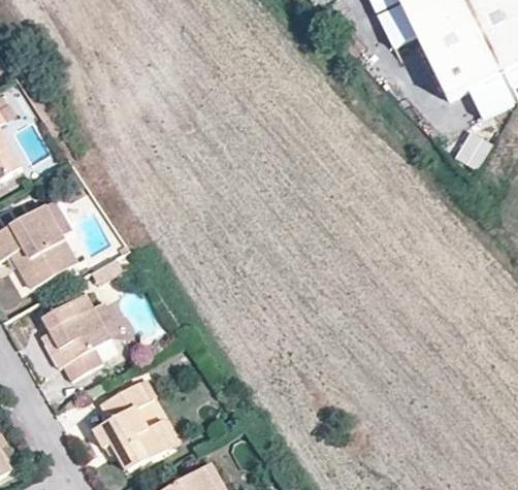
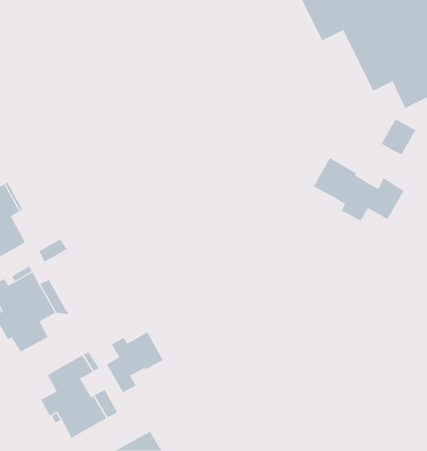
building: none -> [313,157,405,222]
building: none -> [106,331,164,393]

